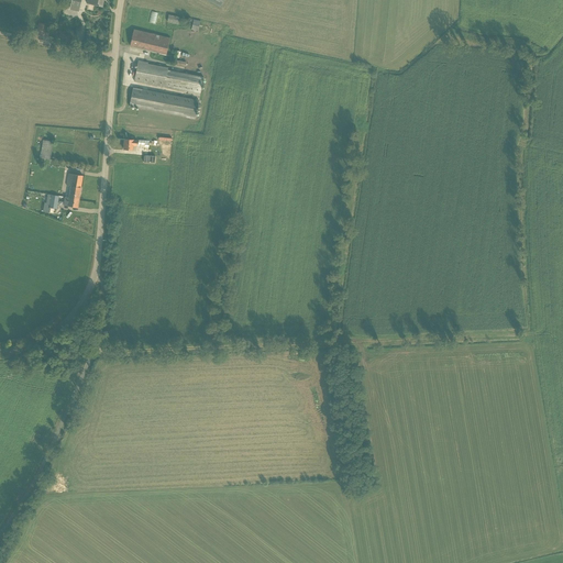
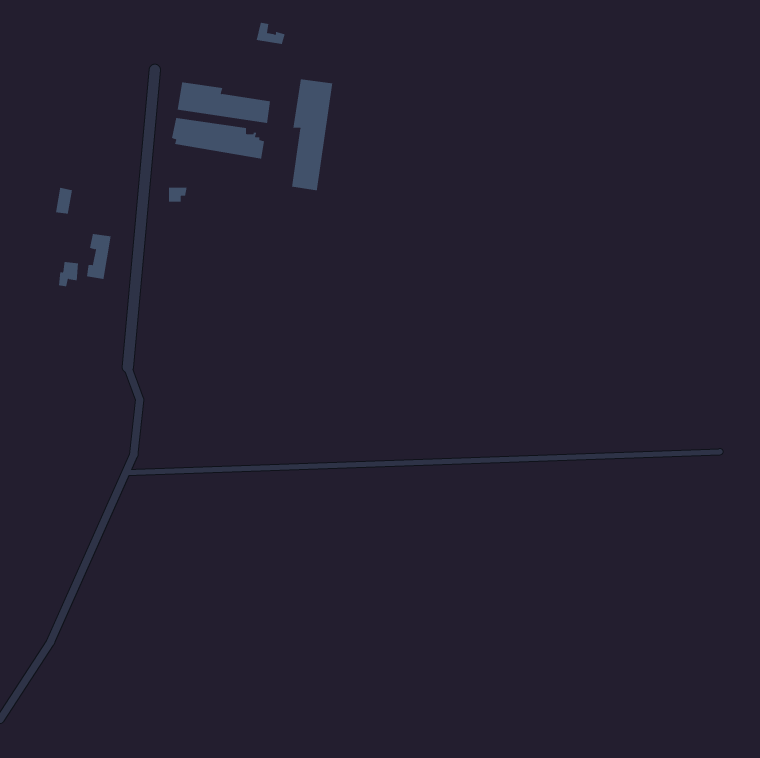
building: [131,29,172,54] -> none
building: none -> [291,79,333,191]

